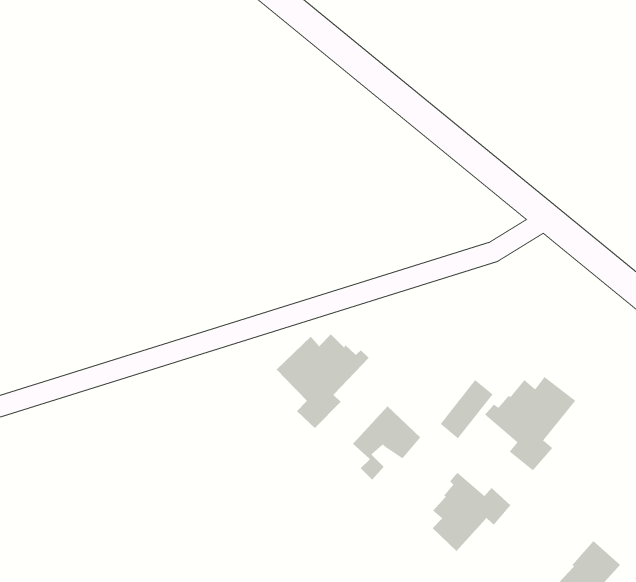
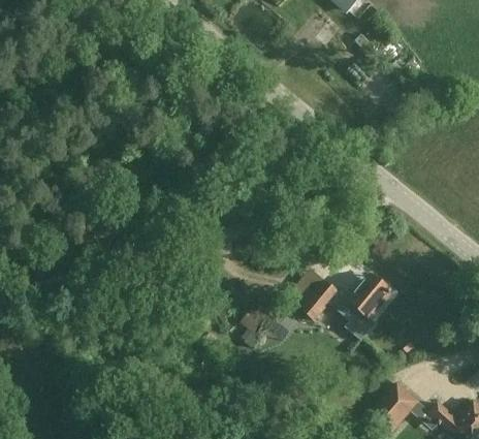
building: [276,333,369,429] -> none
building: [432,472,511,552] -> none

